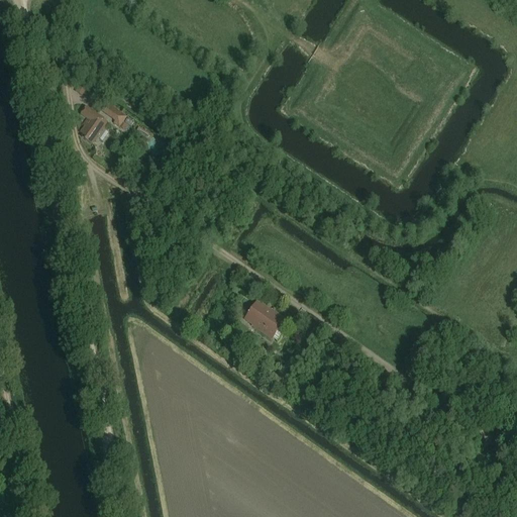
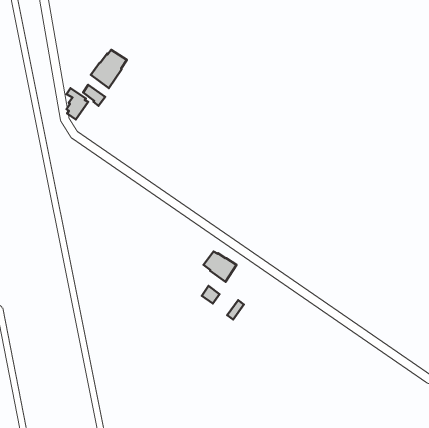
building: none -> [91,50,127,88]

